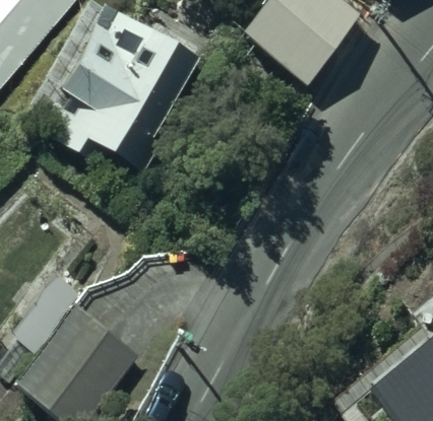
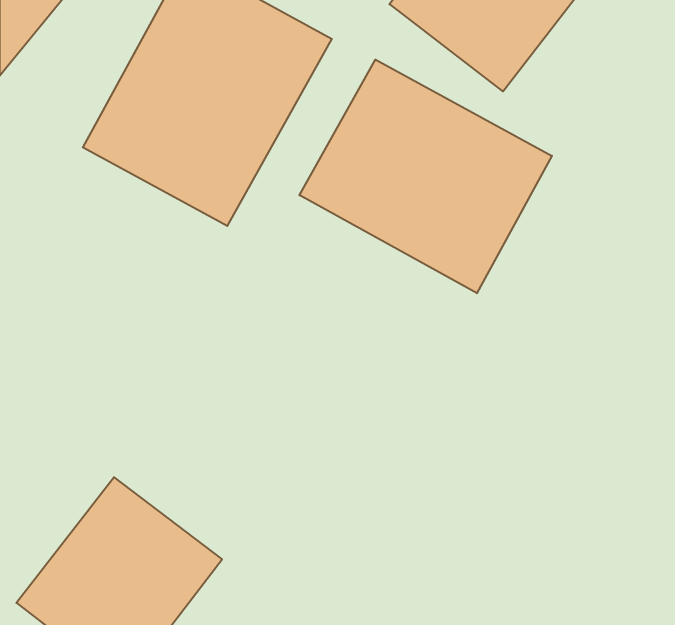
building: none -> [299,60,552,293]

